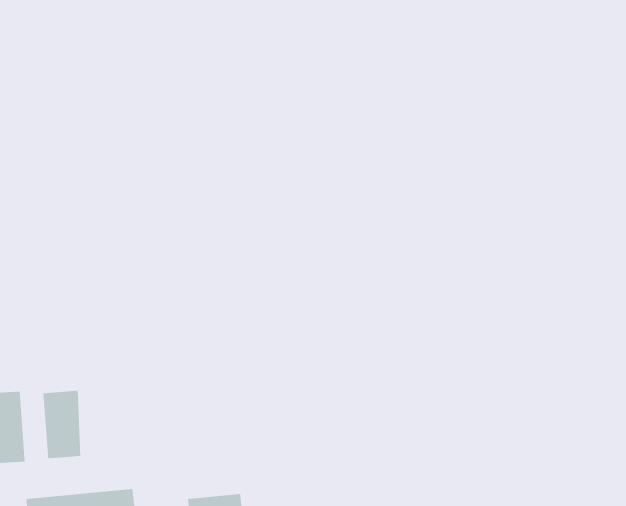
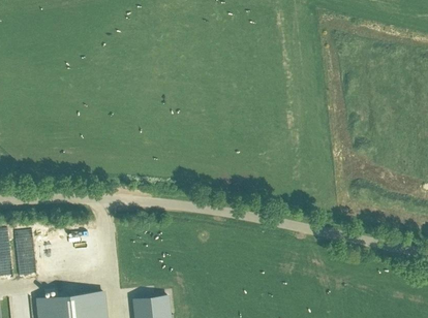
building: [43,390,81,459] -> none

